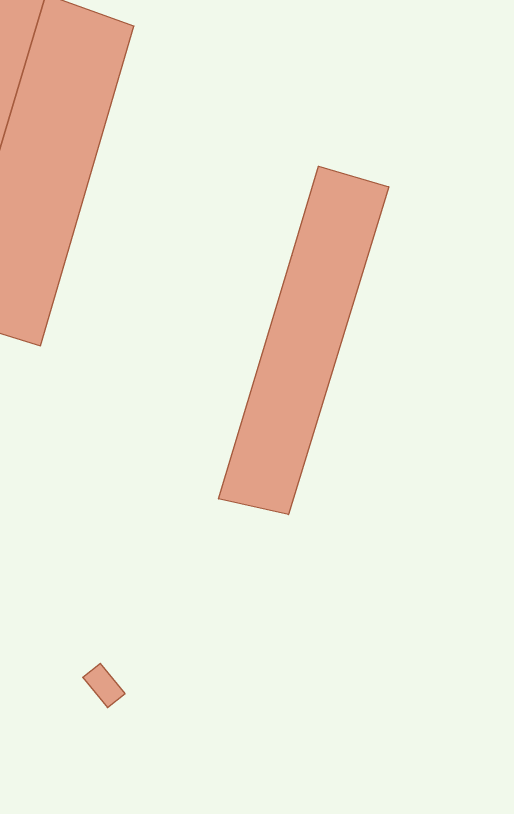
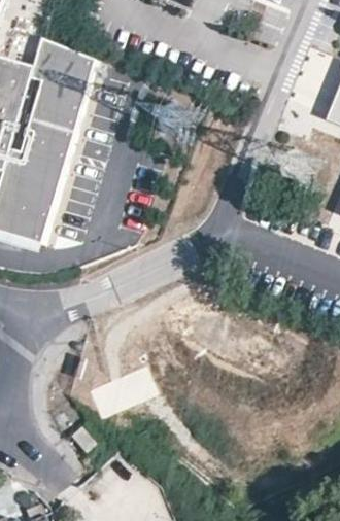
building: [219,166,389,515] -> none

